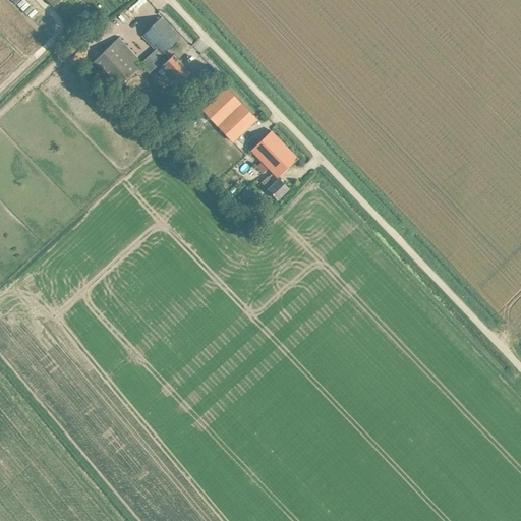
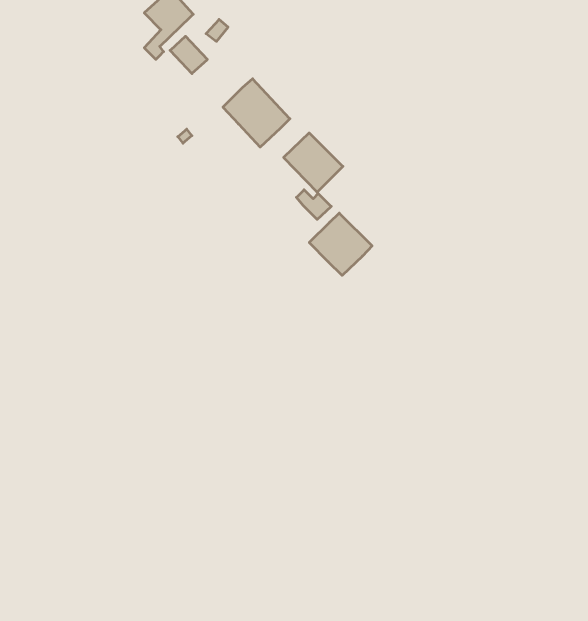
building: [88,37,137,92] -> none
building: none -> [309,213,372,275]

